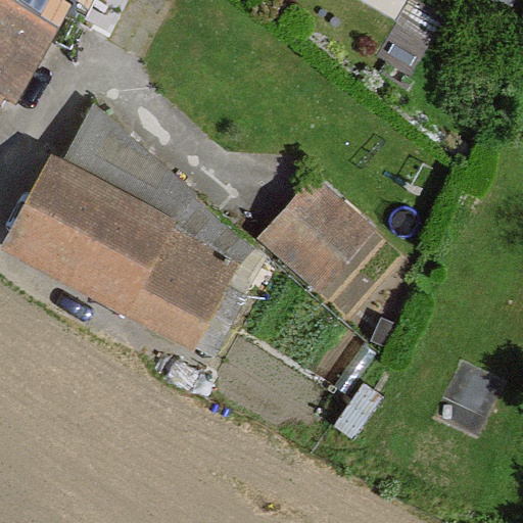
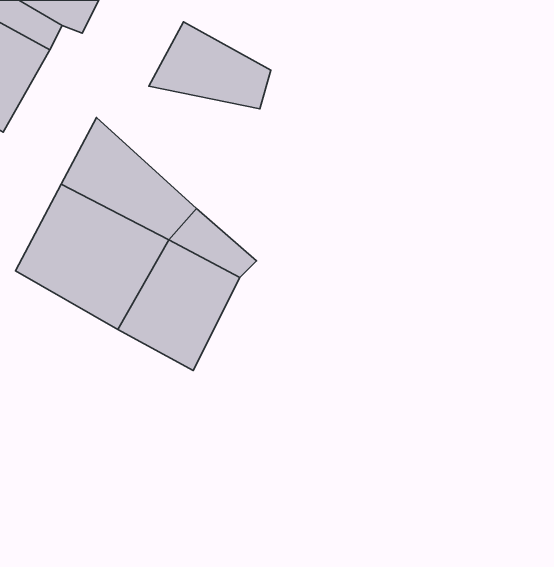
building: none -> [149,22,271,109]
building: [257,183,360,286] -> none

